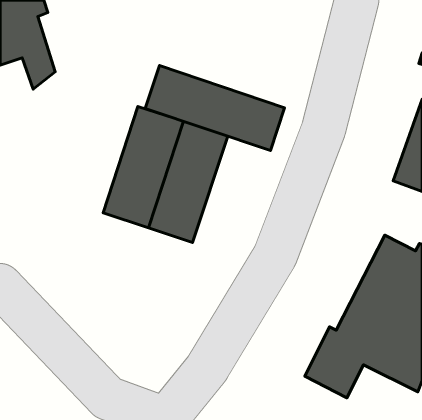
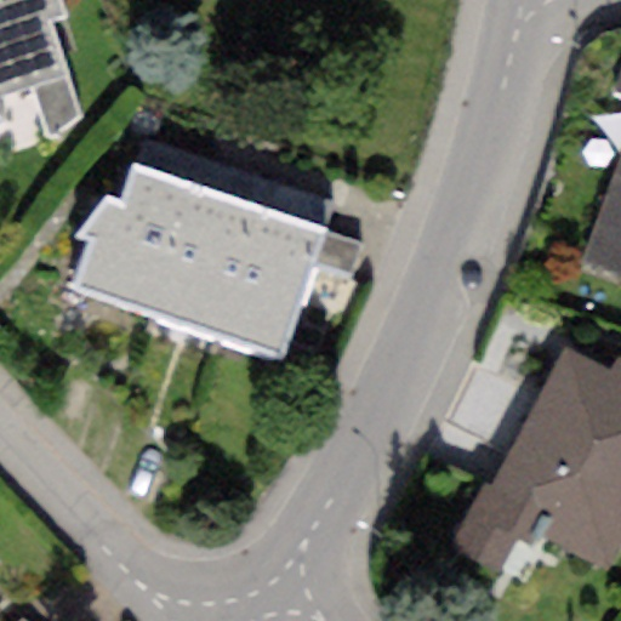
building: [145,66,284,150] -> none
building: none -> [73,141,203,315]

